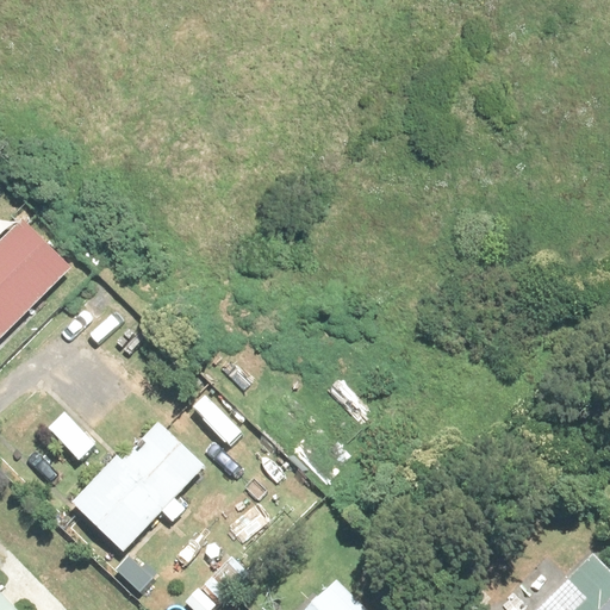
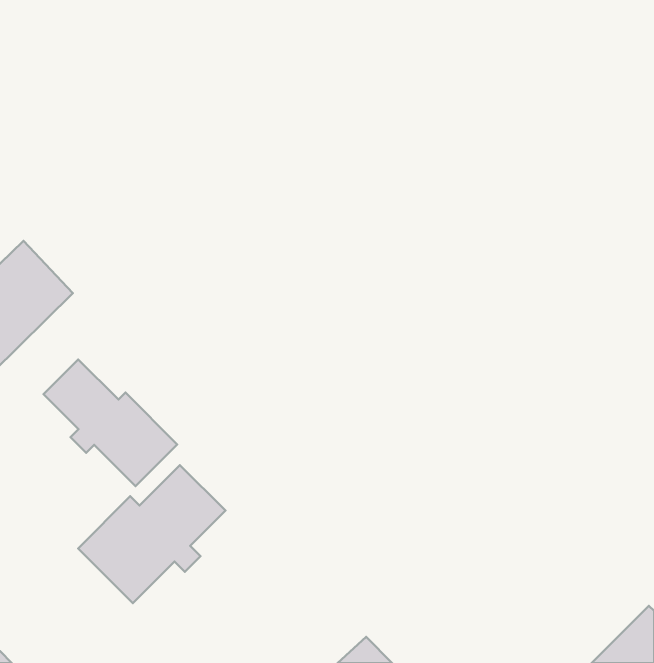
building: none -> [43,359,177,486]

